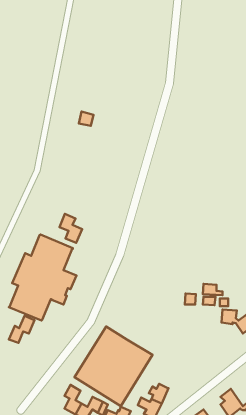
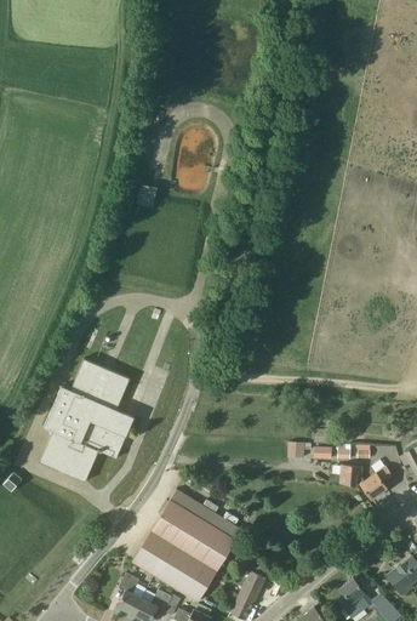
building: [60,214,82,243] -> none
building: [9,316,35,343] -> none

